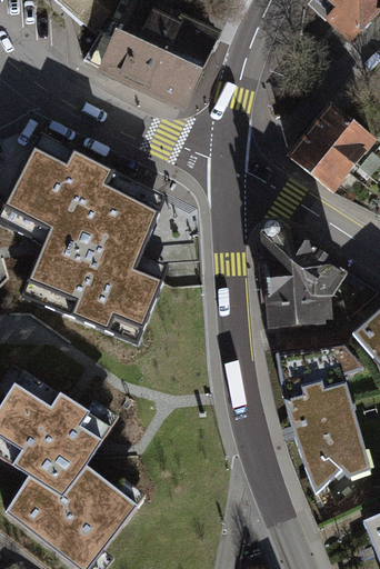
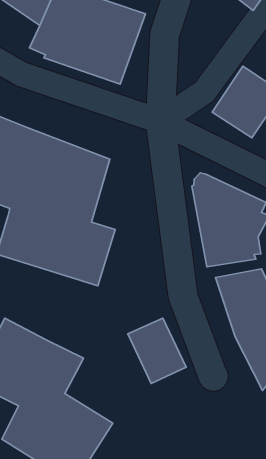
building: none -> [128,318,186,384]

